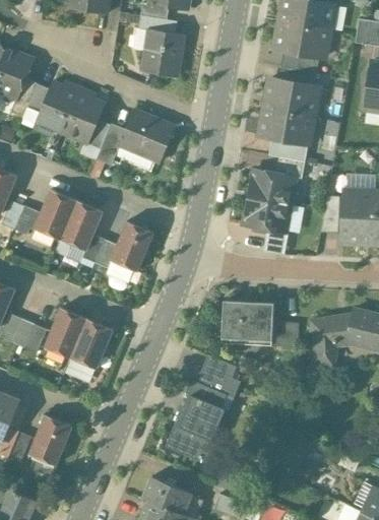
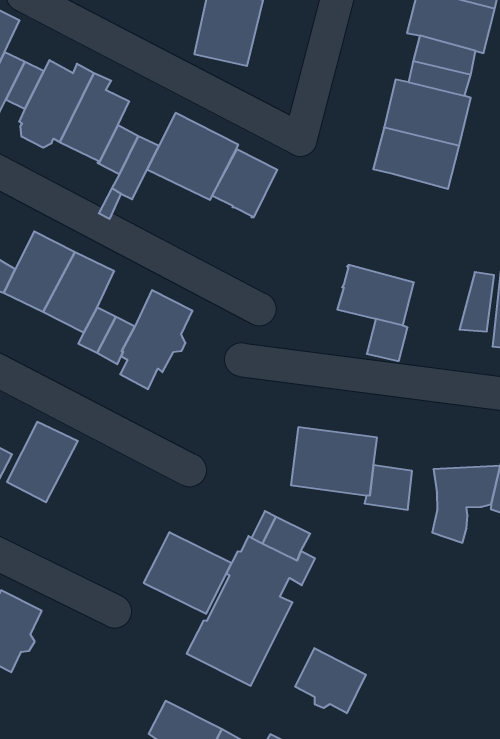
building: none -> [212,149,277,217]
building: [268,137,307,161] -> none
building: [248,169,295,204] -> none
building: [69,318,112,369] -> none
building: none -> [144,532,232,614]
building: none -> [295,648,366,713]

